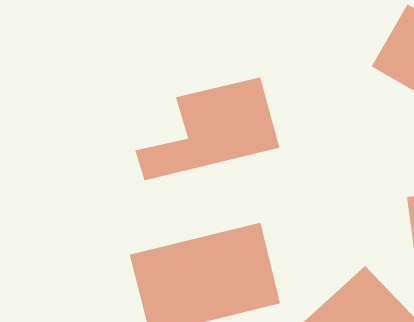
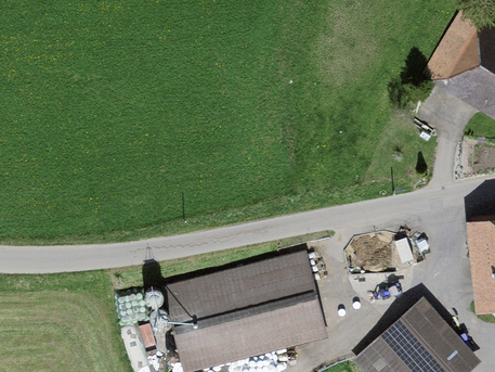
building: [135,77,280,181] -> none

